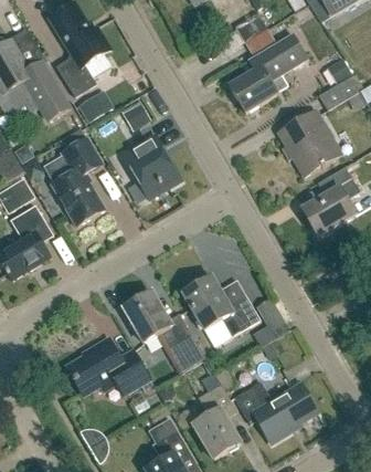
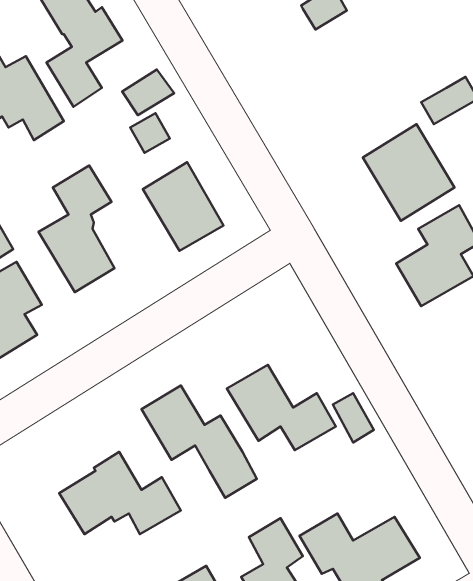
building: [229,32,307,112] -> none
building: [71,87,107,119] -> [122,69,174,115]

